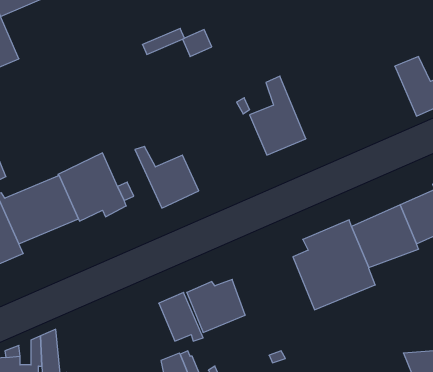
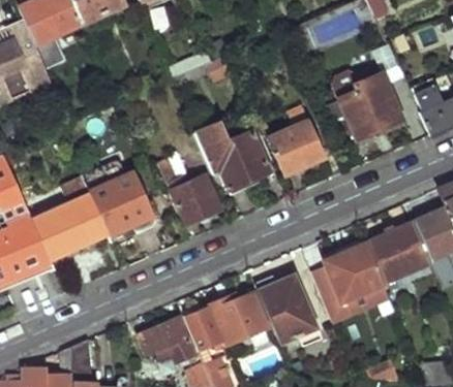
building: none -> [333,71,402,140]
building: none -> [193,121,277,196]
building: none -> [258,272,319,344]
building: none -> [141,317,197,361]

